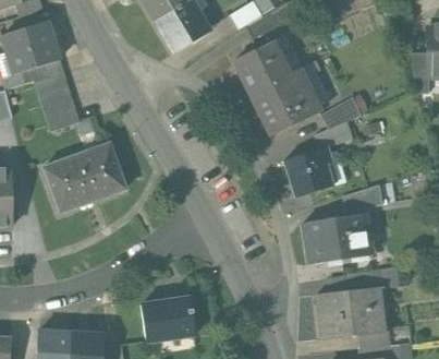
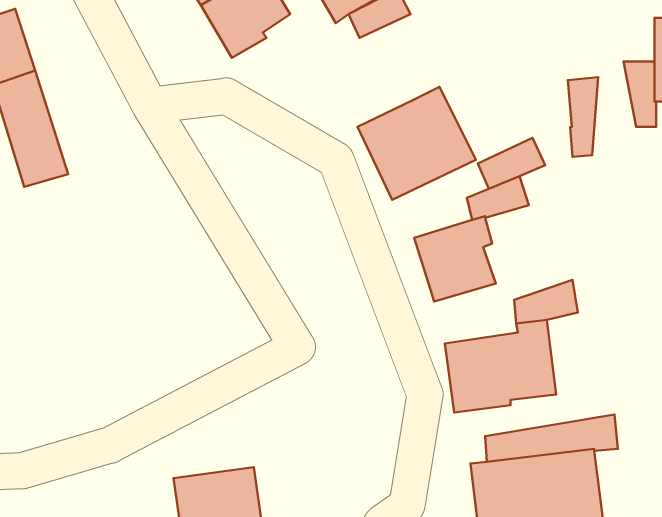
building: [234,41,284,92] -> none
building: none -> [568,77,598,157]
building: [44,142,125,211] -> none

